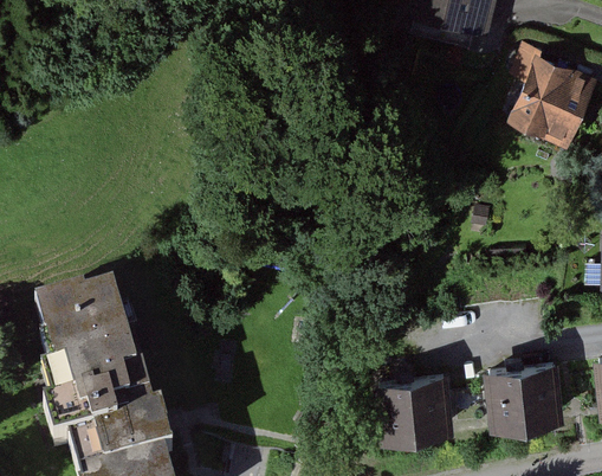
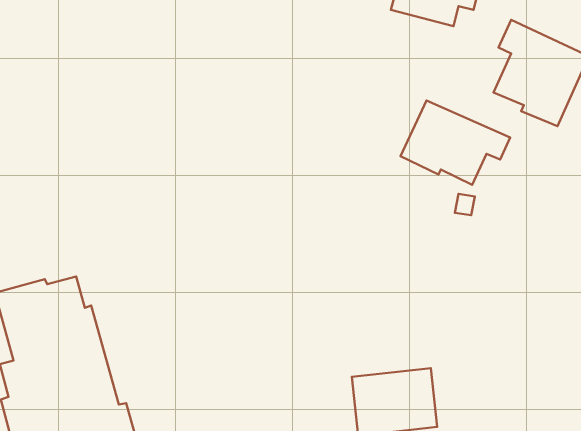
building: none -> [401,100,510,185]
building: [484,361,565,425] -> none

